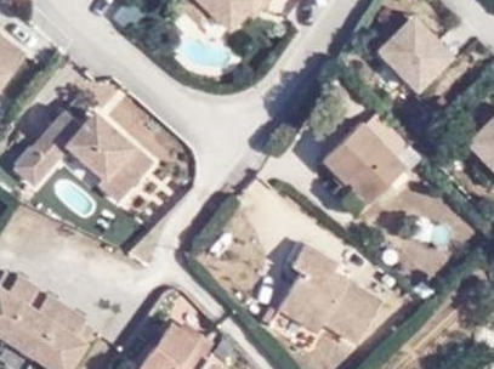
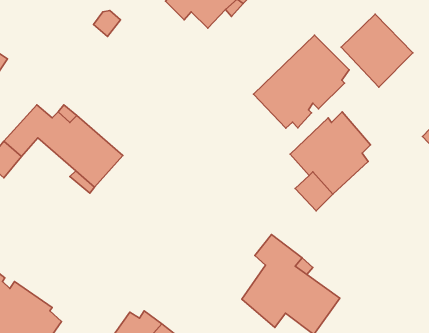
building: none -> [253,35,349,128]

